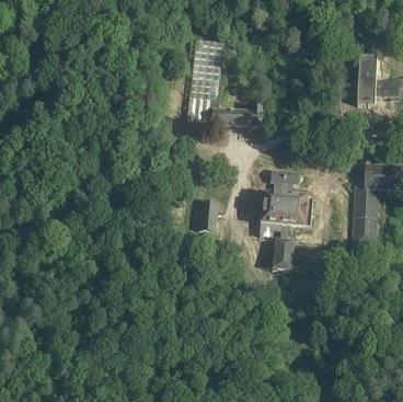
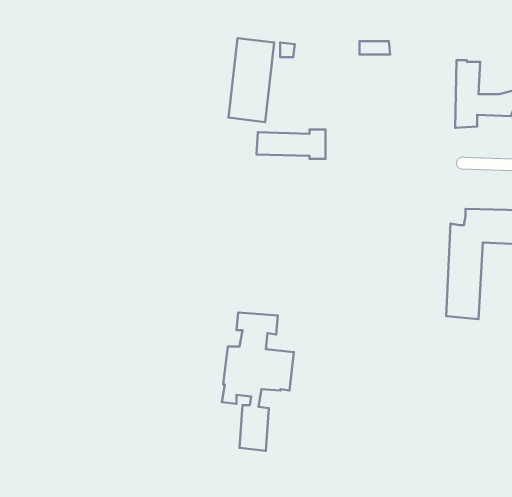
building: [258,168,312,271] -> [222,313,294,451]
building: [198,200,217,230] -> none

